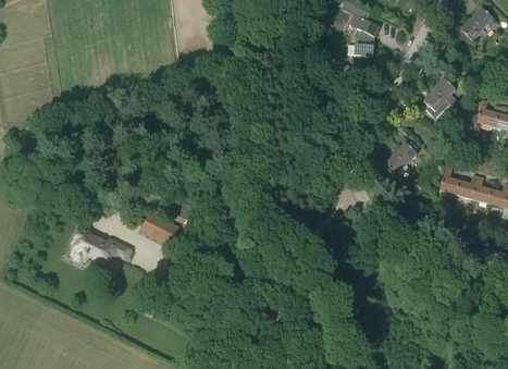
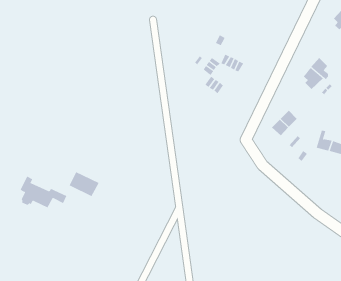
building: [350,12,381,57] -> none

